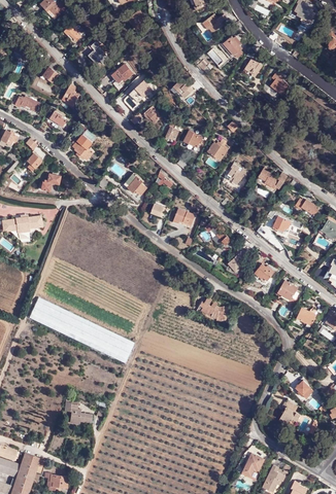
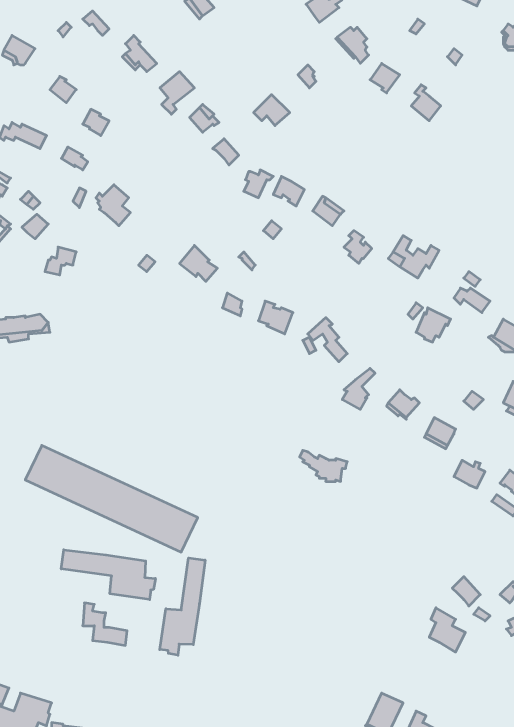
building: none -> [61,550,155,600]
building: none -> [160,558,205,655]

